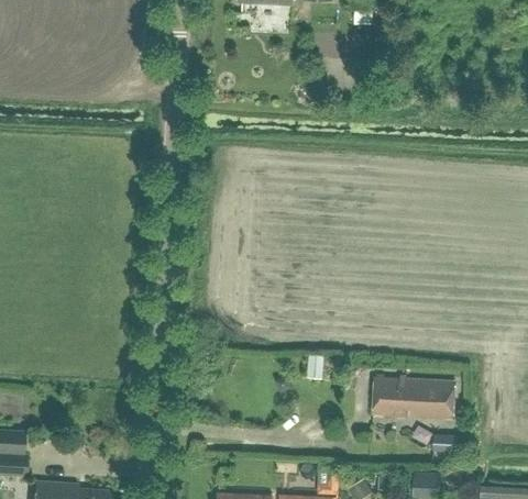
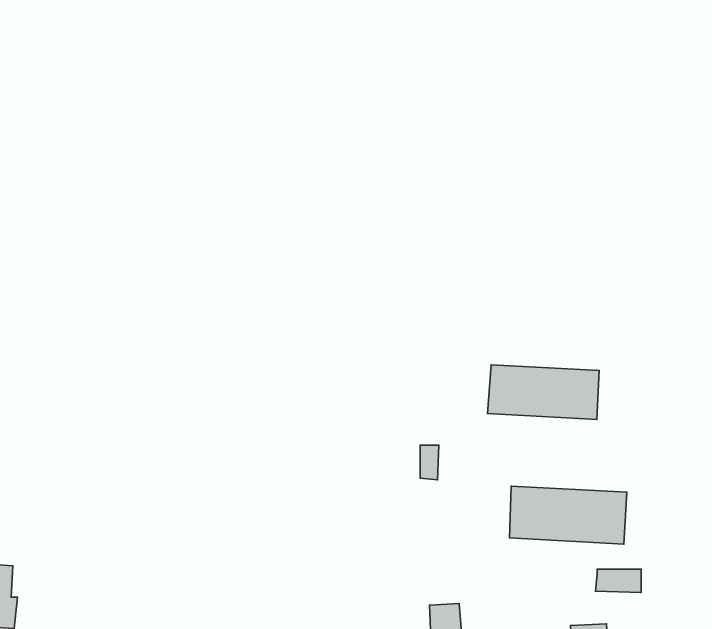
building: none -> [487,365,599,419]

